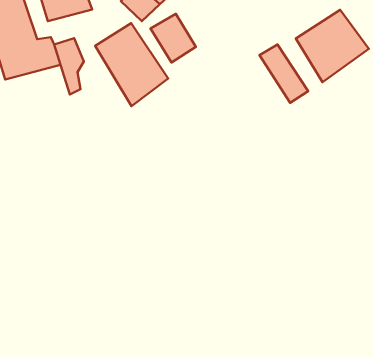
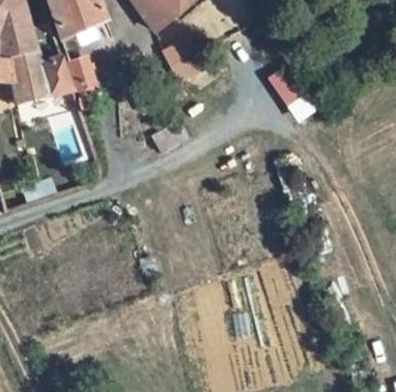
building: [296,10,369,82] -> none
building: [95,23,168,106] -> none

